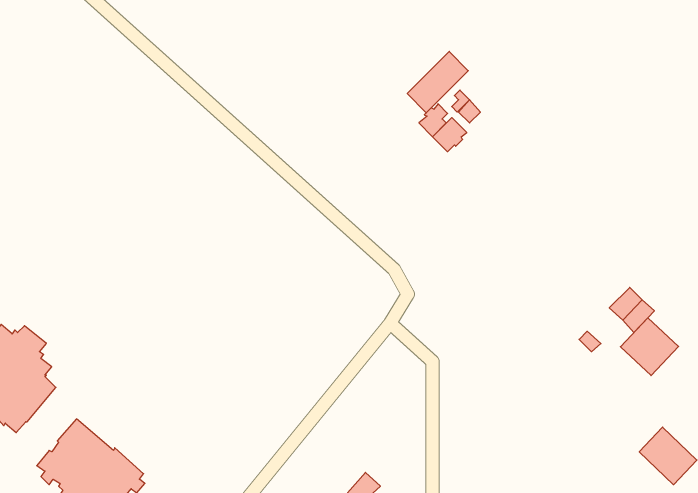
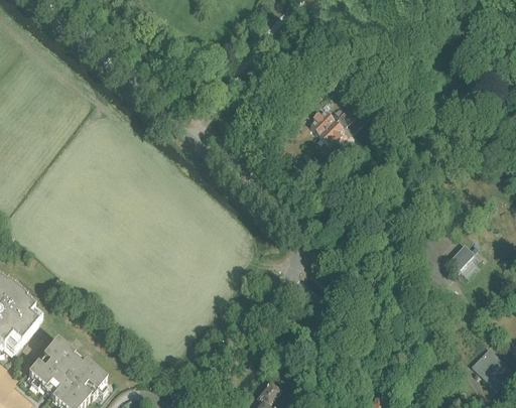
building: [407,51,468,113] -> none
building: [620,318,679,376] -> none

